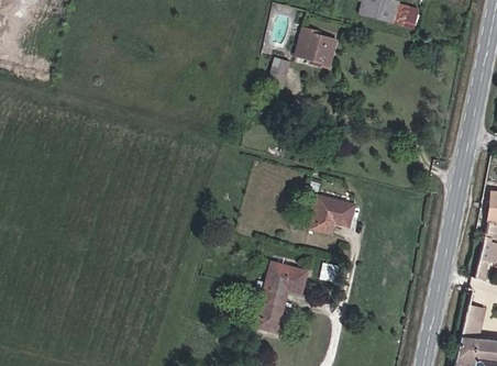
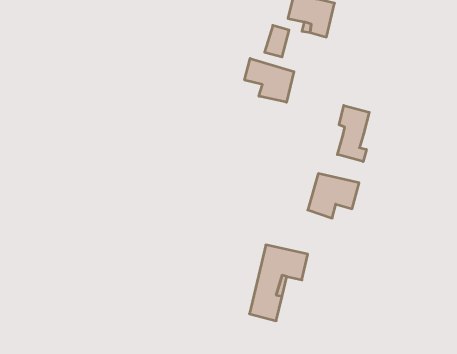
building: none -> [245,58,294,102]
building: none -> [337,105,369,162]

